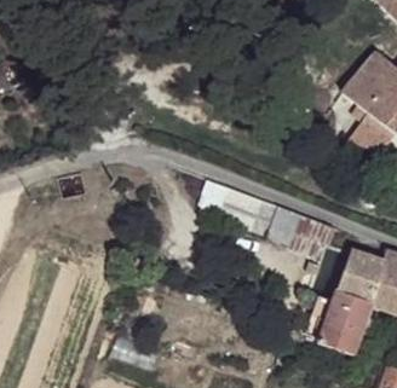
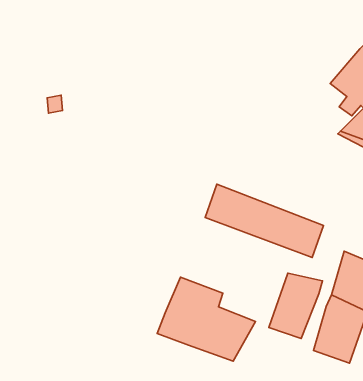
building: none -> [269,273,322,339]
building: none -> [157,277,255,361]

